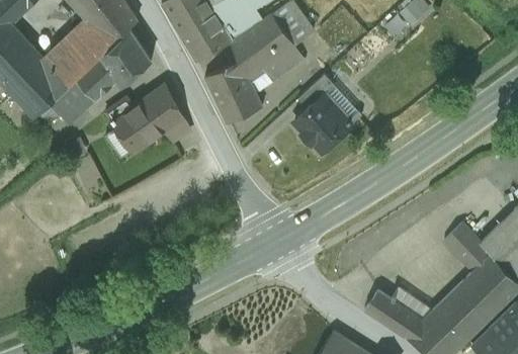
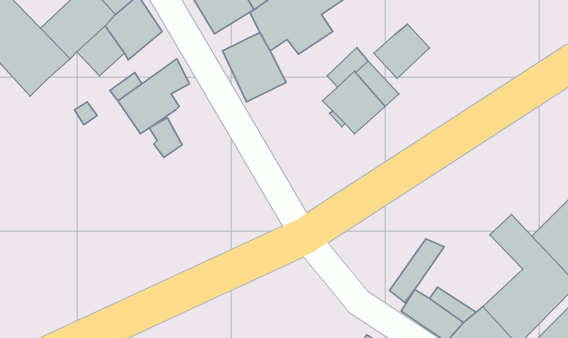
building: none -> [374,24,429,78]
building: [49,80,96,125] -> none
building: [160,108,189,144] -> [149,118,182,157]
building: none -> [389,239,444,303]

